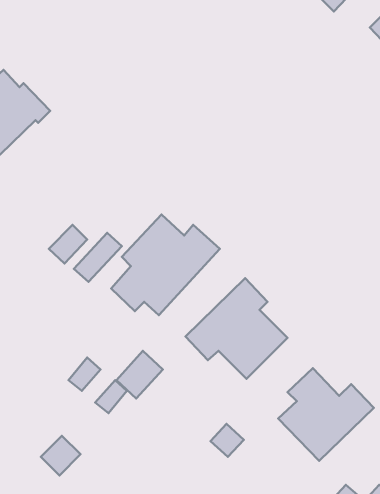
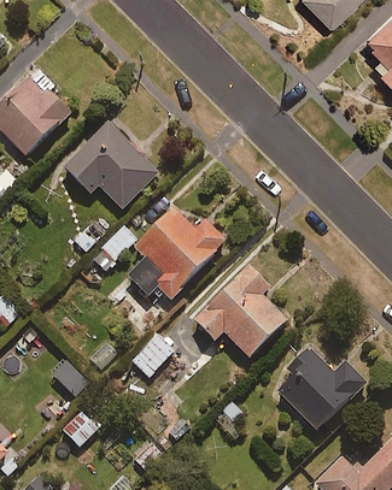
building: none -> [62,119,159,208]

